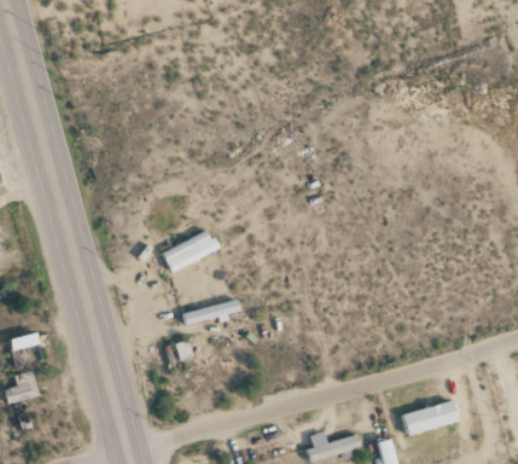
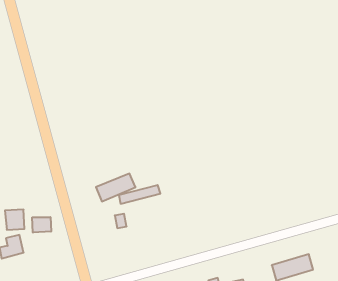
building: [157,232,214,272] -> [96,174,136,201]
building: none -> [32,217,51,233]

